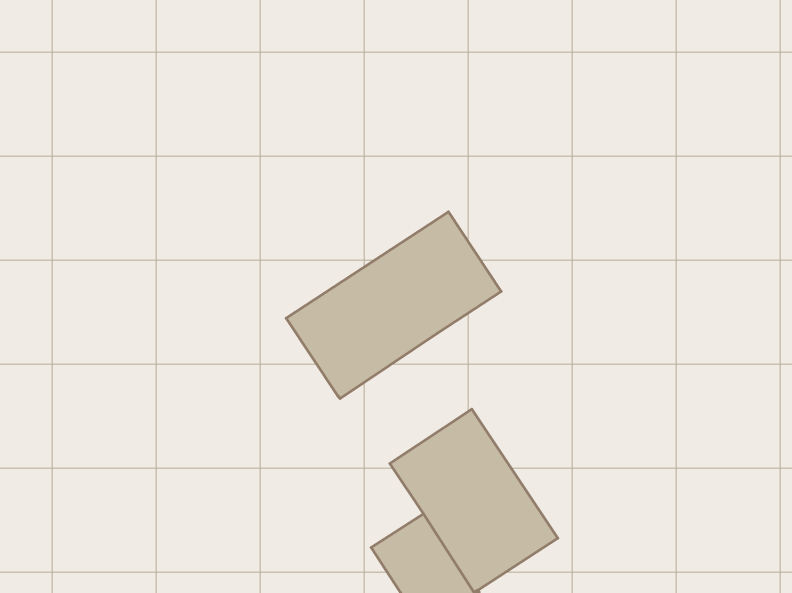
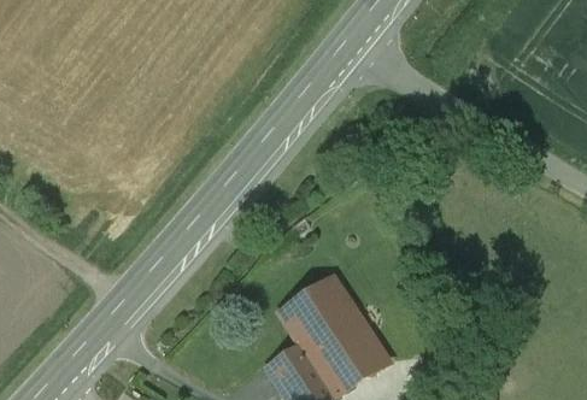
building: [286,212,501,398] -> none

